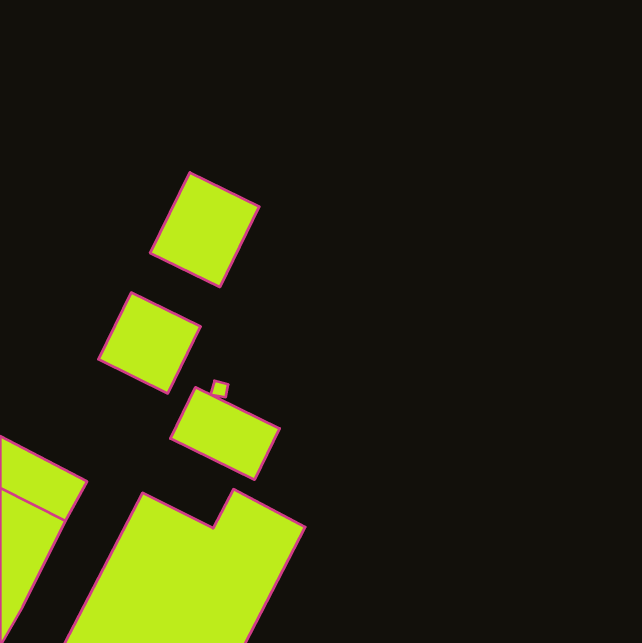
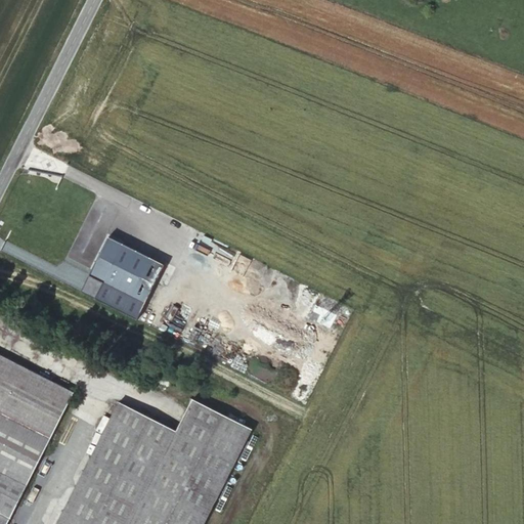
building: [150,172,259,287] -> none
building: [170,387,280,480] -> none

